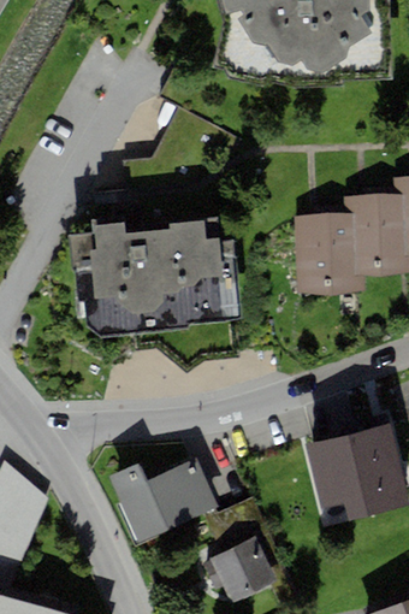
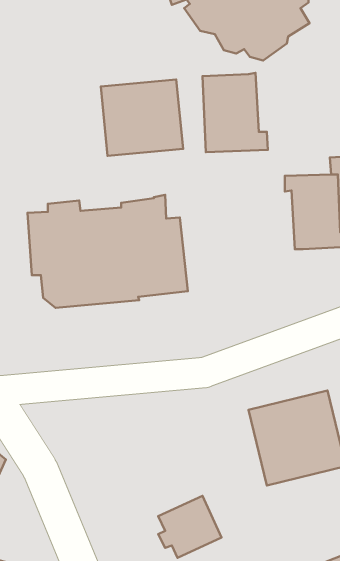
building: none -> [101,79,183,156]
building: [295,211,364,295] -> [202,73,268,152]
building: [109,457,219,542] -> none

